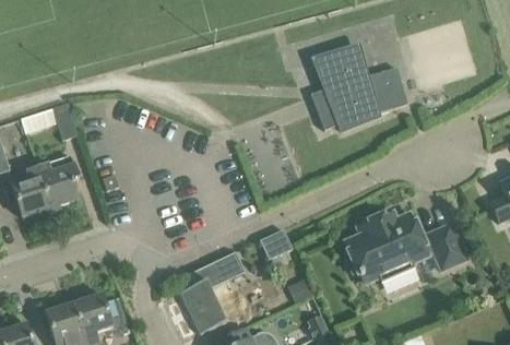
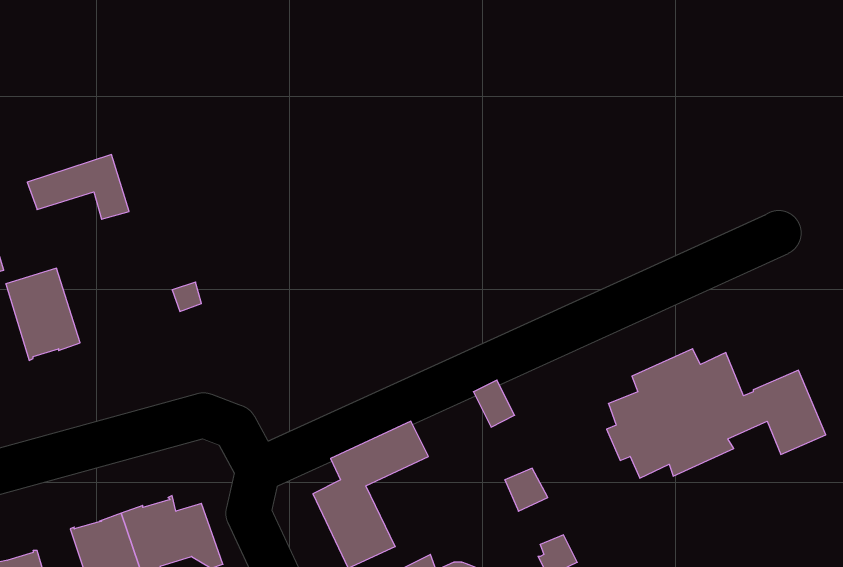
building: [310,43,407,130] -> none
building: [37,155,79,207] -> none

